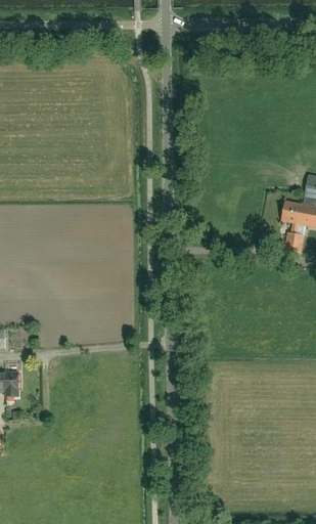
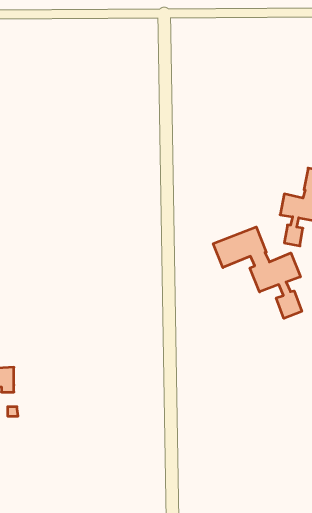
building: none -> [213,227,302,318]

